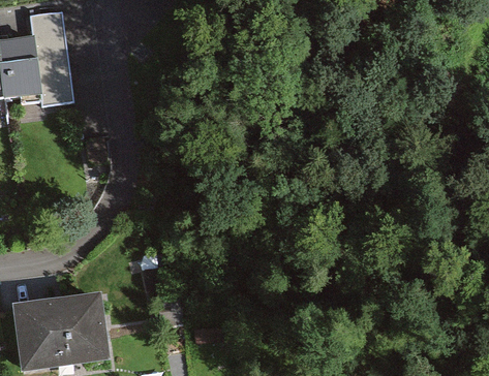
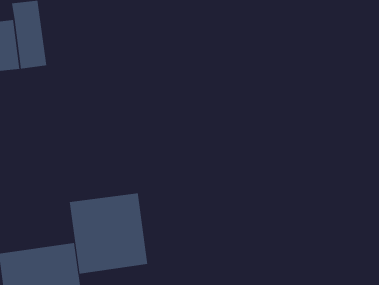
building: none -> [69,192,148,275]

